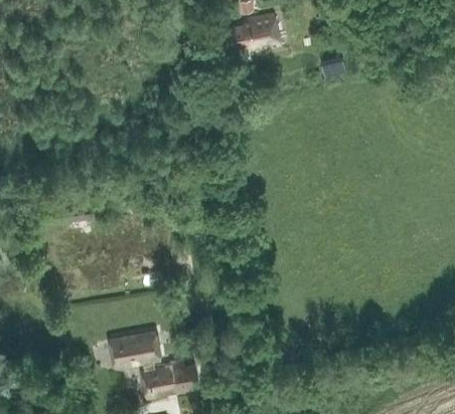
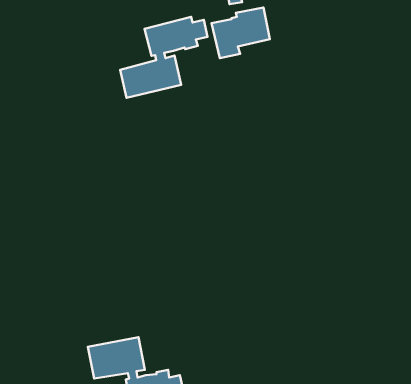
building: none -> [120,17,207,98]

